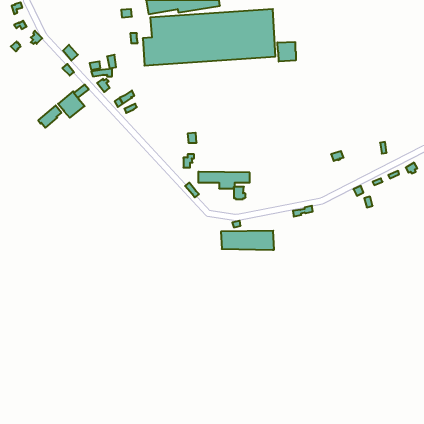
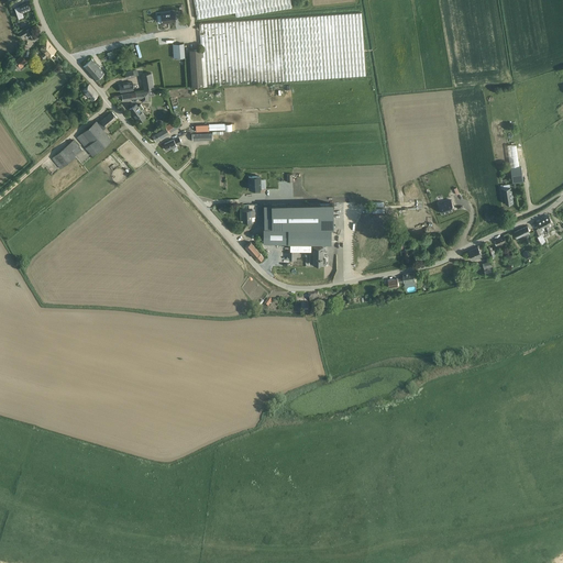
building: [277,42,296,62] -> none
building: [221,231,274,250] -> [263,203,333,229]

